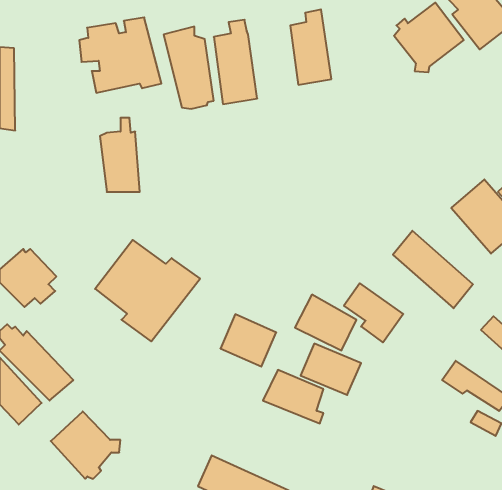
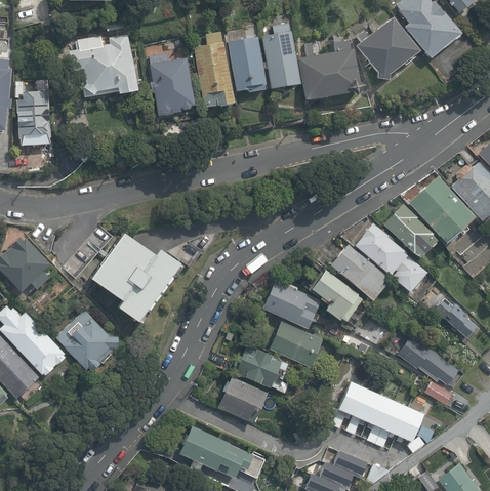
building: none -> [229,38,266,93]
building: none -> [299,40,362,103]
building: [100,118,140,192] -> [22,79,57,146]
building: none -> [383,204,437,257]
building: none -> [331,245,386,300]
building: [220,314,276,367] -> [216,374,267,421]
building: none -> [337,379,421,440]
building: [51,411,120,479] -> [57,311,120,371]

